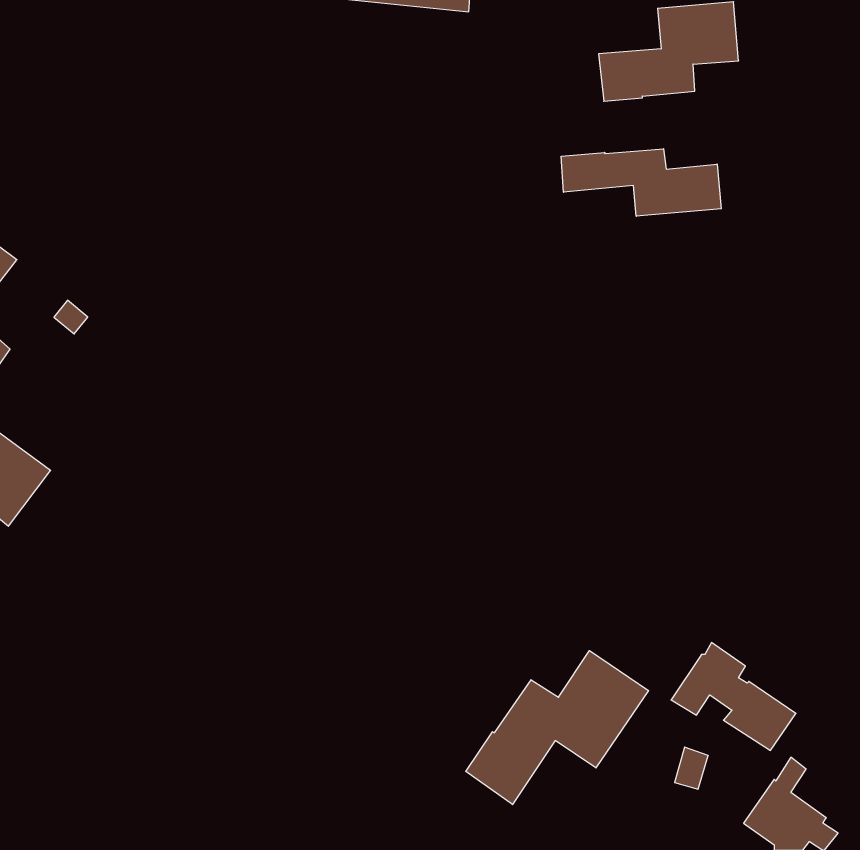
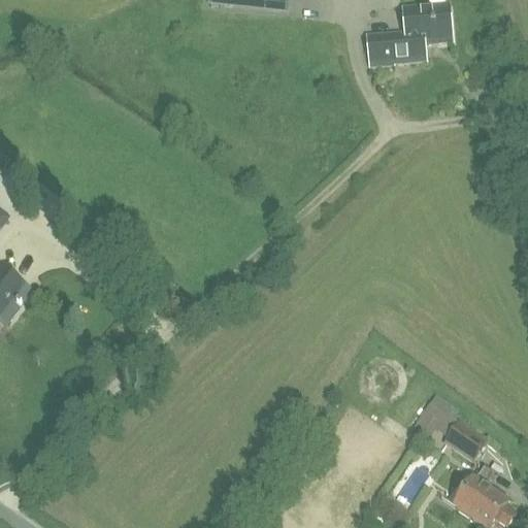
building: [561,149,721,216] -> none
building: [466,651,649,805] -> none

